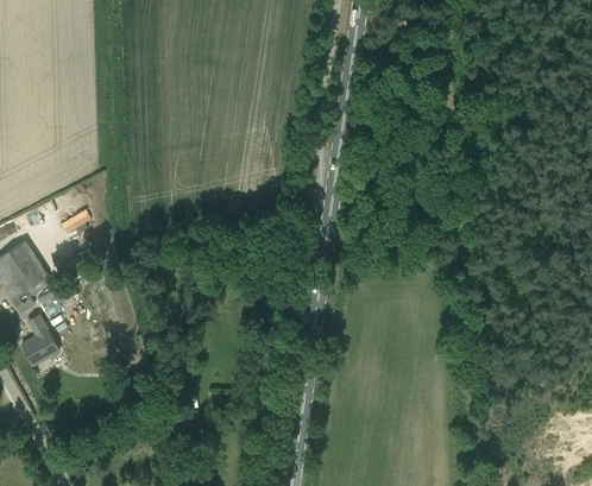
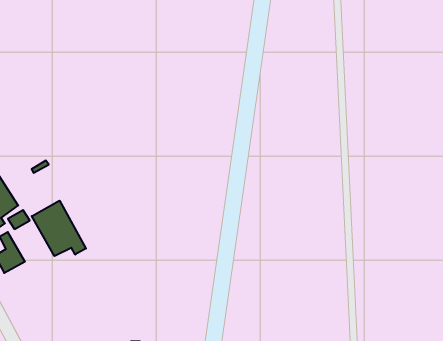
building: none -> [32,201,86,256]

